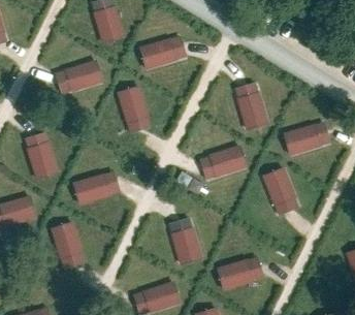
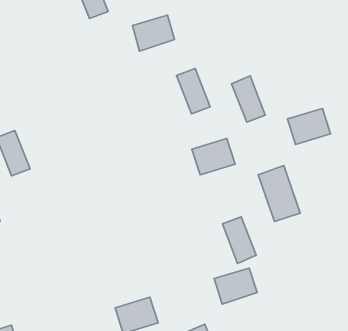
building: [55,59,92,91] -> none
building: [118,84,148,124] -> [176,68,210,114]
building: [76,169,115,201] -> none
building: [166,216,196,257] -> [222,217,256,263]
building: [51,221,82,261] -> none

